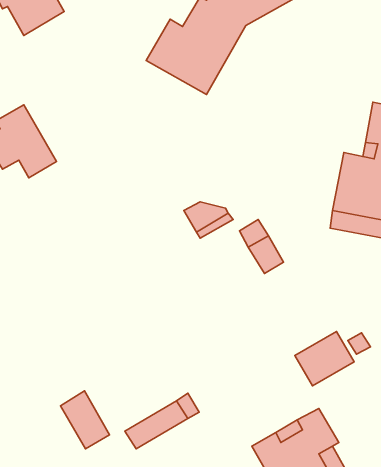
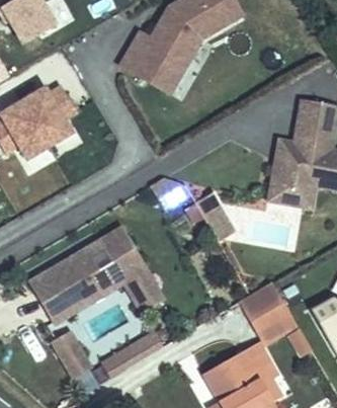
building: none -> [22,85,76,146]
building: none -> [29,227,163,323]
building: none -> [254,307,298,343]

